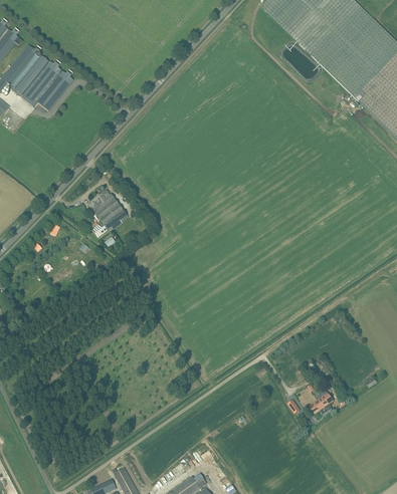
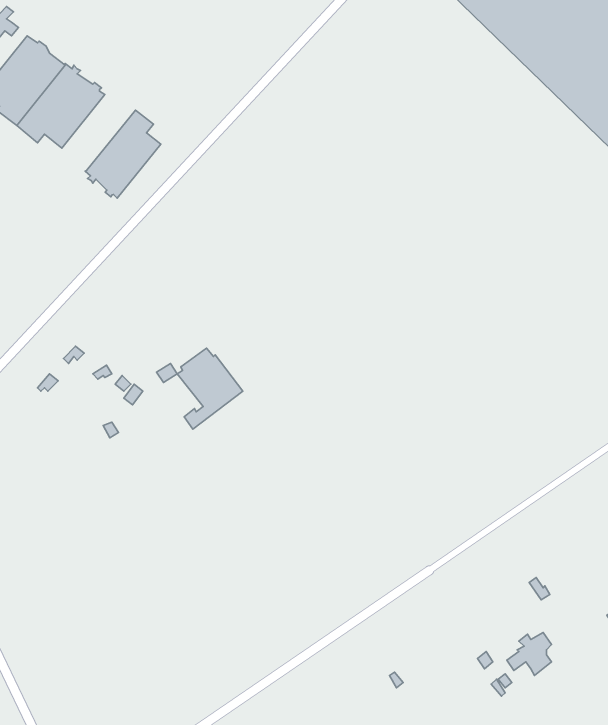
building: none -> [85,110,161,198]
building: [87,189,126,236] -> [177,348,243,429]

